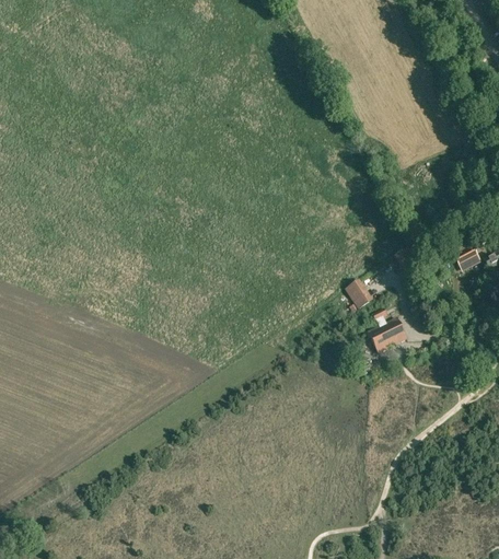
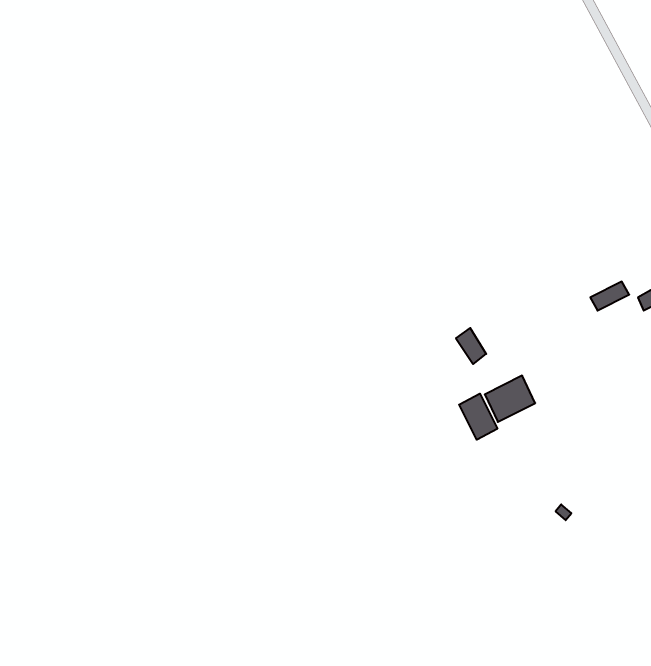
building: none -> [459,394,497,440]

